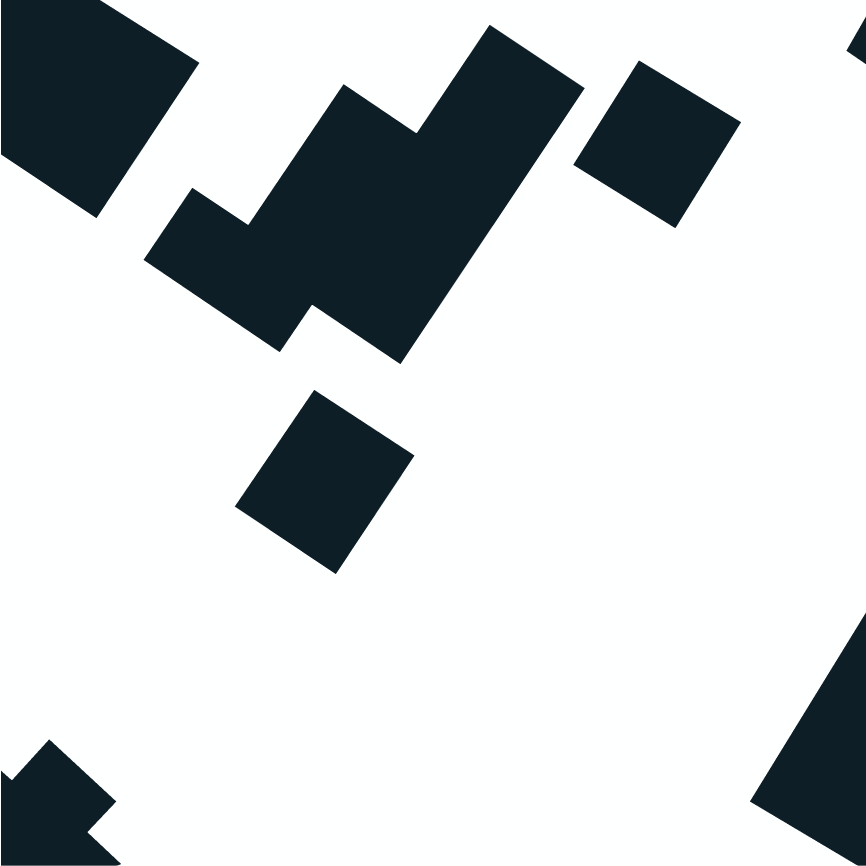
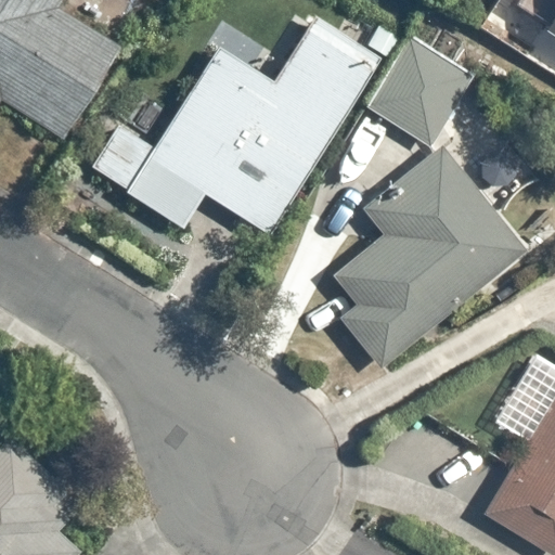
building: none -> [332,146,528,373]
building: [234,389,415,575] -> none

